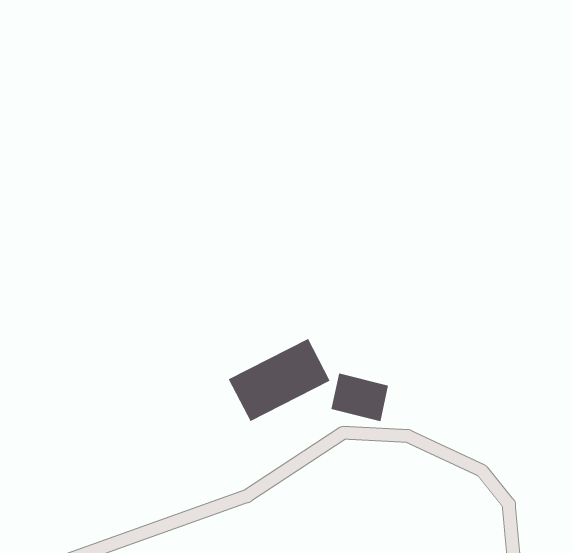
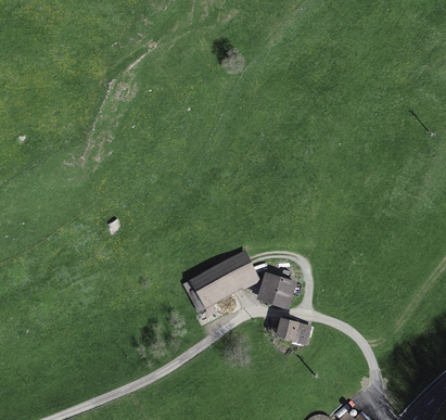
building: none -> [273,319,308,344]

